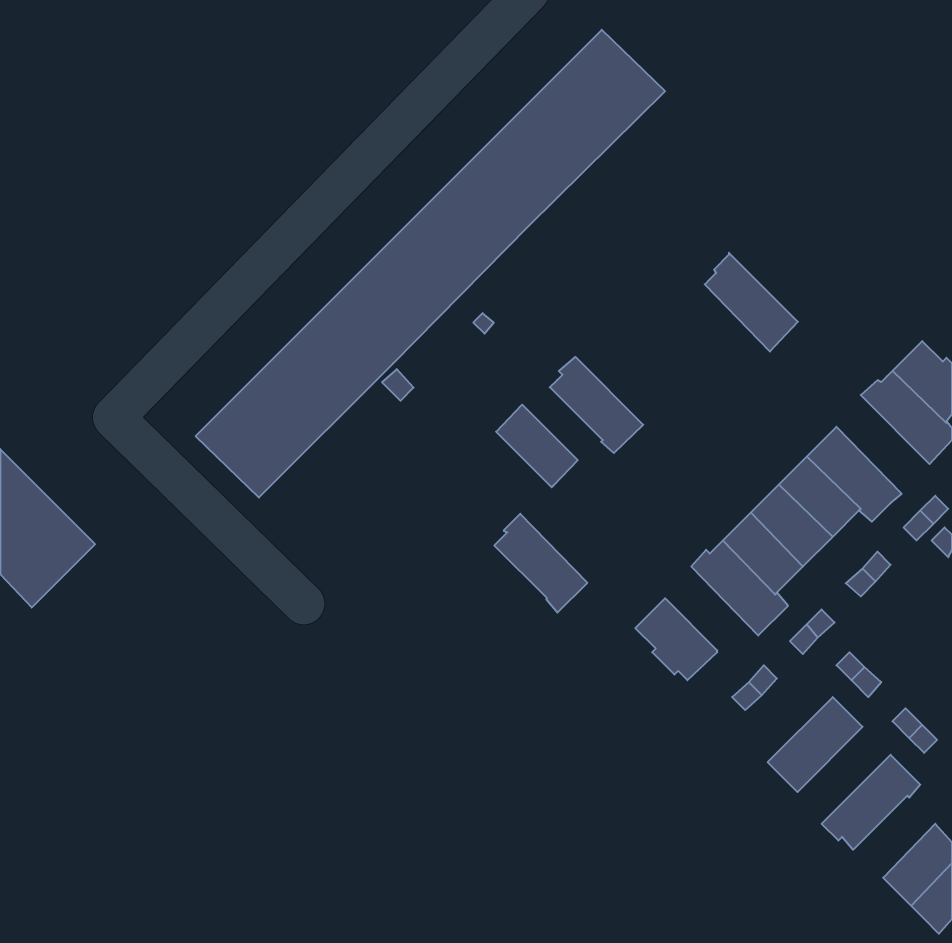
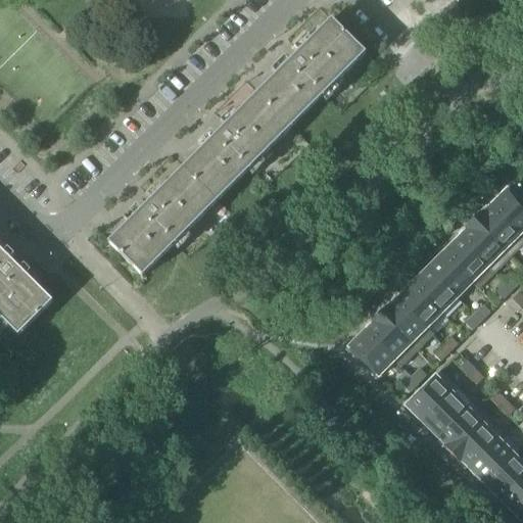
building: [705,253,798,352] -> [459,217,510,271]
building: [550,357,643,453] -> none
building: [496,405,578,487] -> none
building: [494,514,587,613] -> [365,311,416,365]
building: none -> [406,367,457,418]
building: none -> [437,398,488,451]
building: none -> [468,436,513,481]

